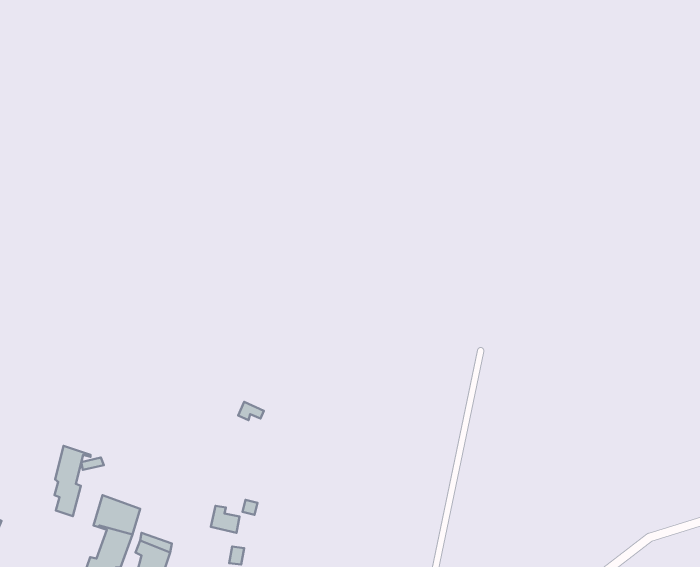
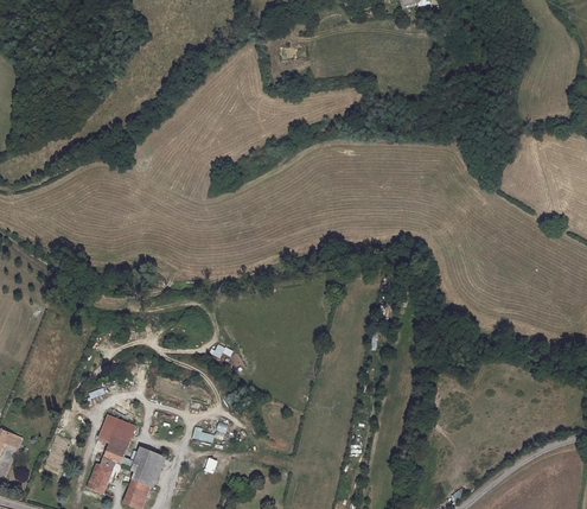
building: [55,446,91,516] -> none

